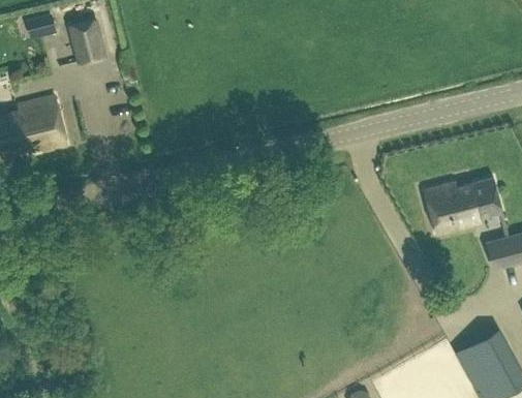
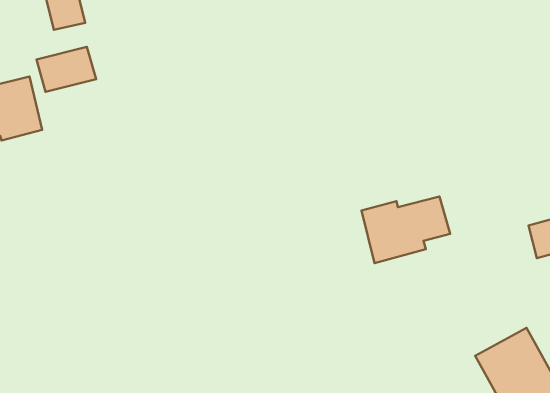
building: none -> [37,47,96,92]
building: [423,177,501,236] -> [362,197,450,263]

